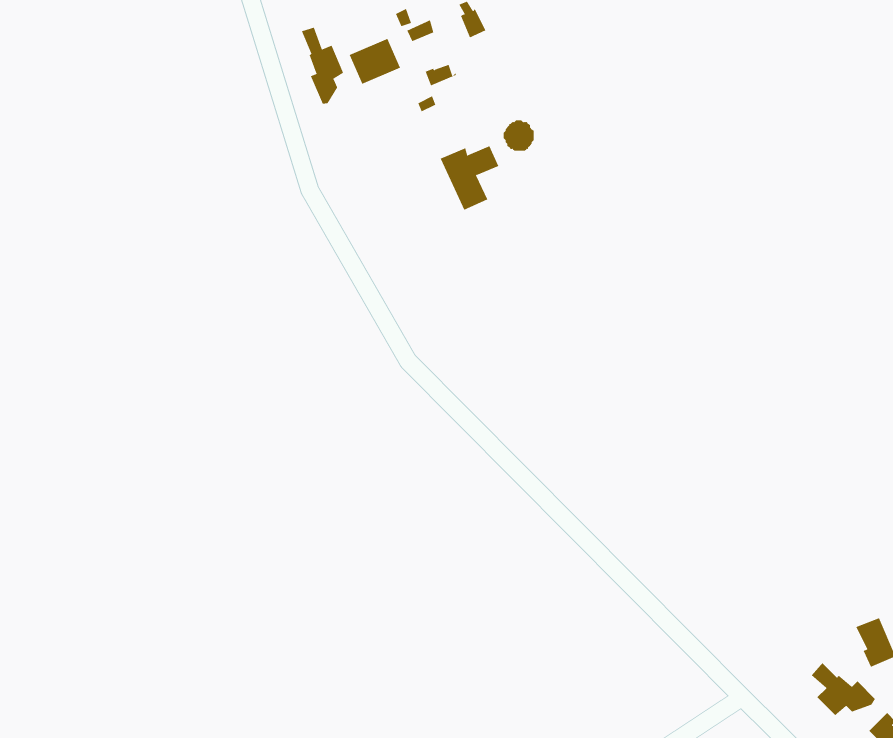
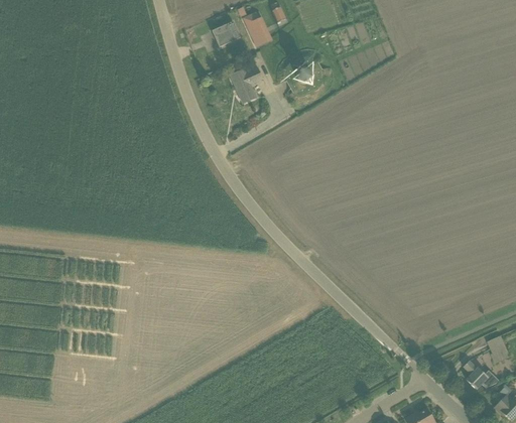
building: [301,27,344,104] -> none
building: [440,146,499,211] -> [231,68,263,104]

